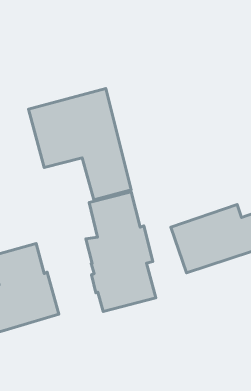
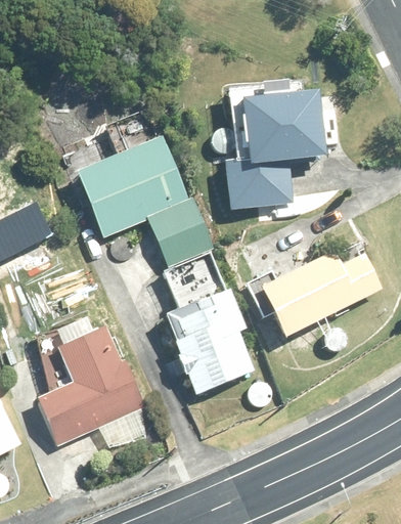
building: none -> [224,78,328,211]

